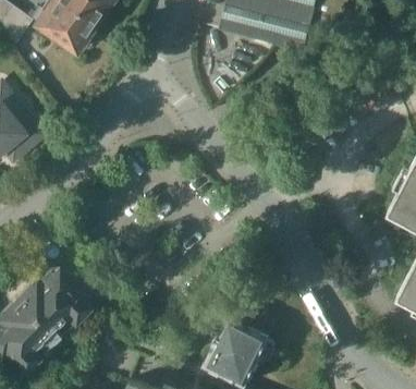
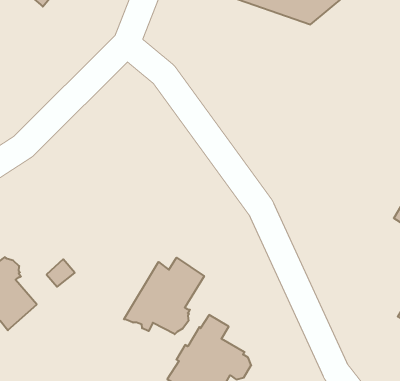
building: none -> [124,258,204,334]

